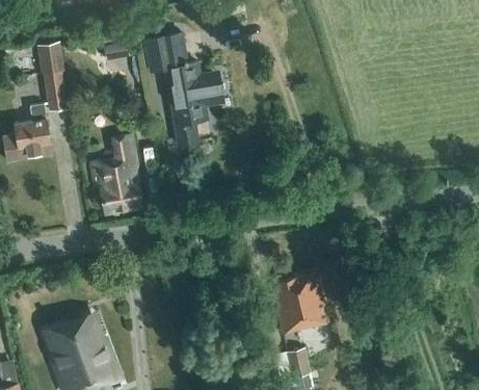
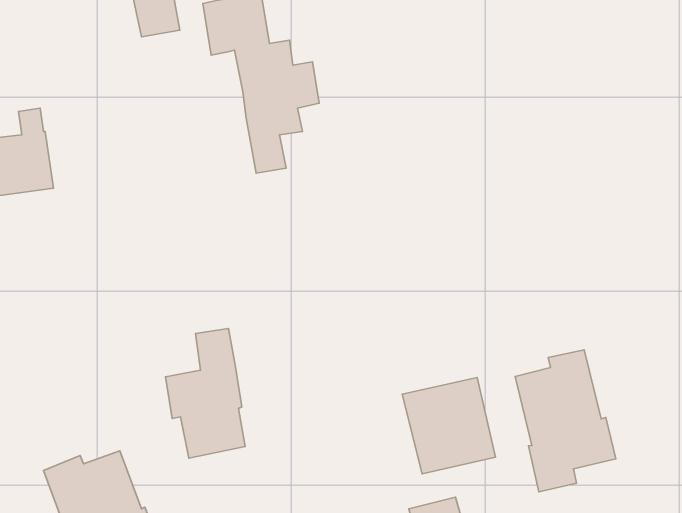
building: [36,42,70,120] -> none
building: [90,133,140,214] -> [165,329,245,458]
building: none -> [515,350,616,492]

